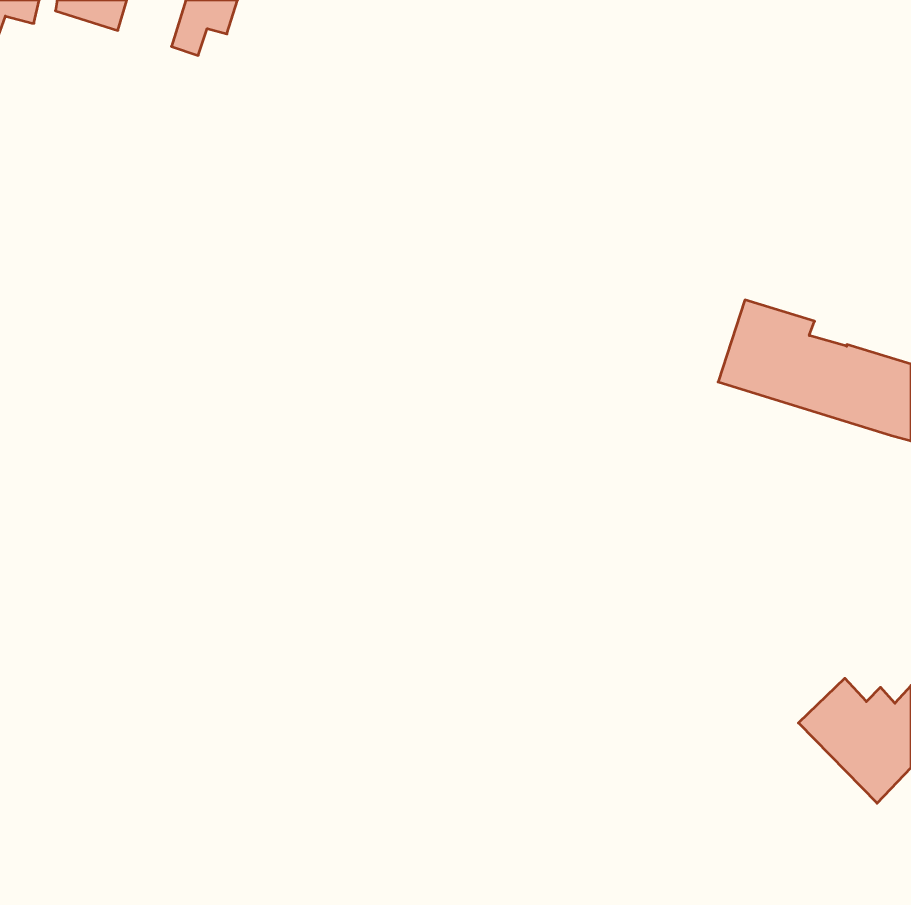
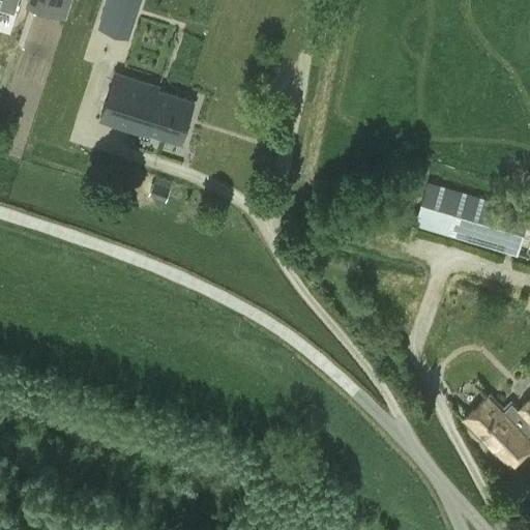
building: none -> [100,75,194,145]

